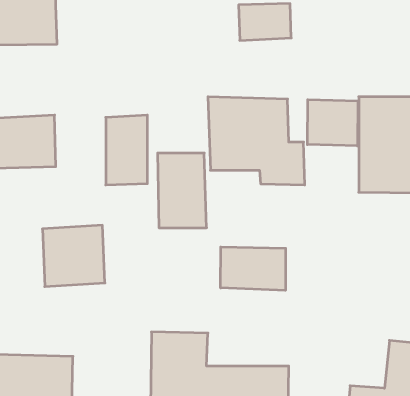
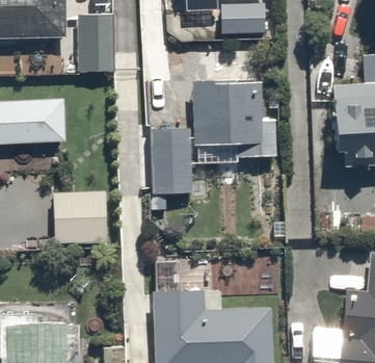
building: [307,100,358,146] -> none
building: [106,115,147,185] -> [78,15,113,74]
building: [221,247,286,290] -> none

